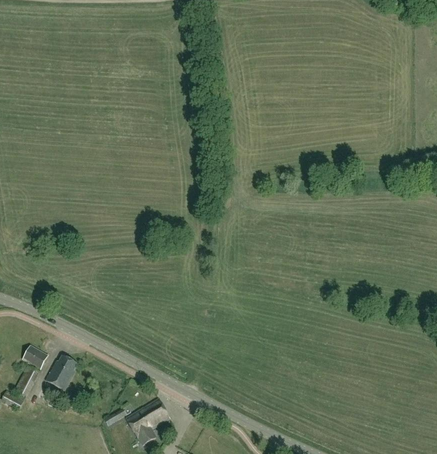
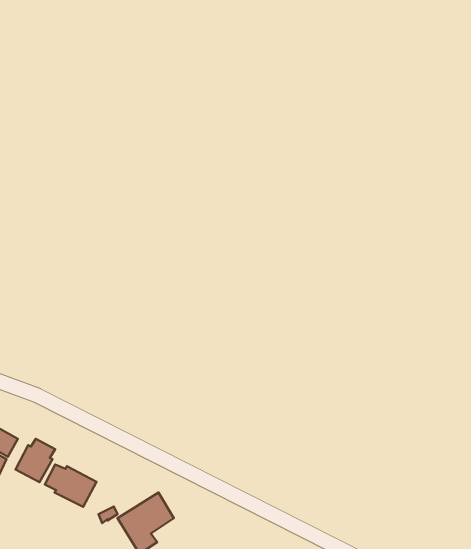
building: none -> [45,465,96,507]

